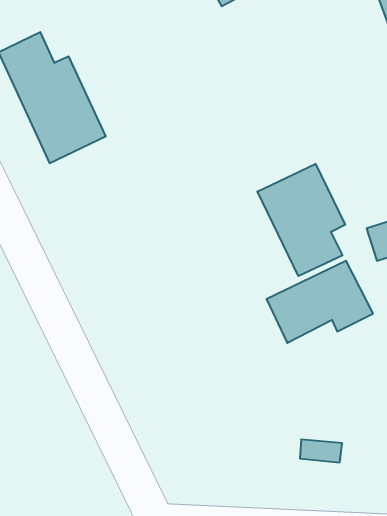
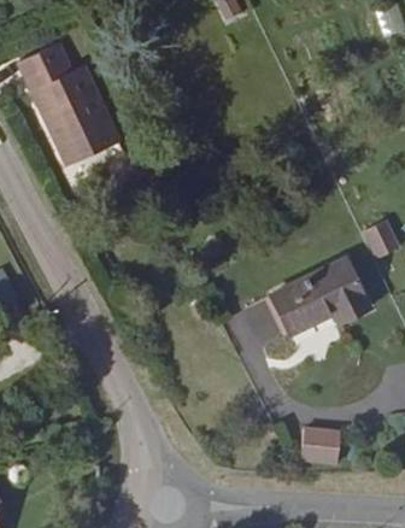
building: [257,164,345,276] -> none

